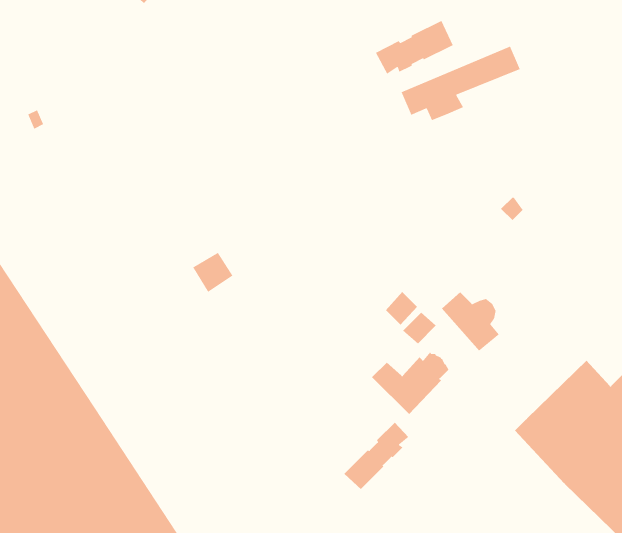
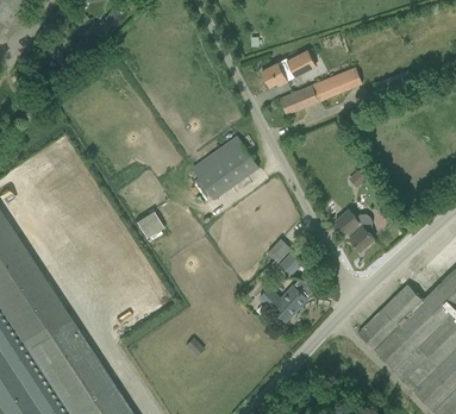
building: none -> [193,138,258,201]
building: [441,291,500,352] -> [335,209,375,251]
building: [344,422,409,490] -> none

